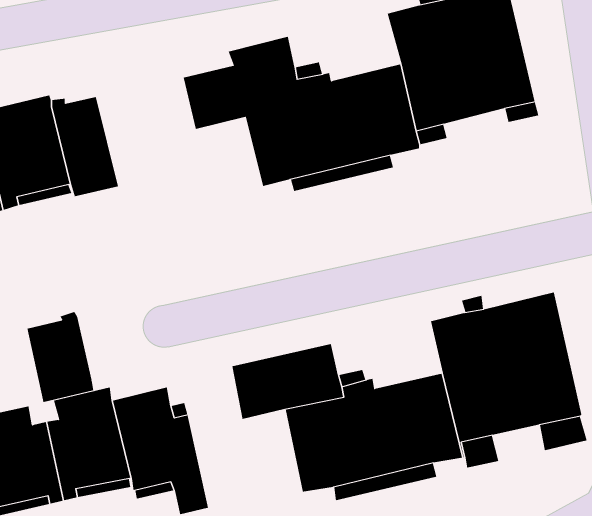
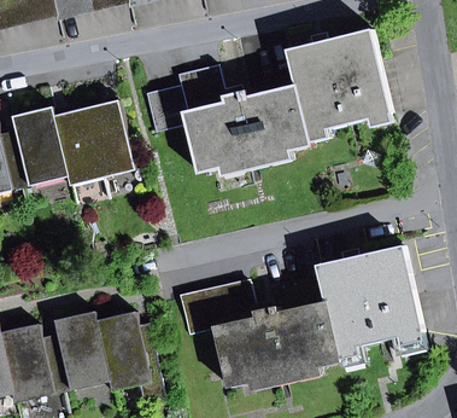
building: none -> [83,97,131,172]
building: [27,311,94,403] -> none

